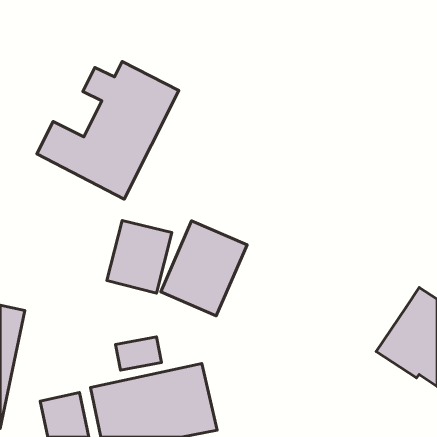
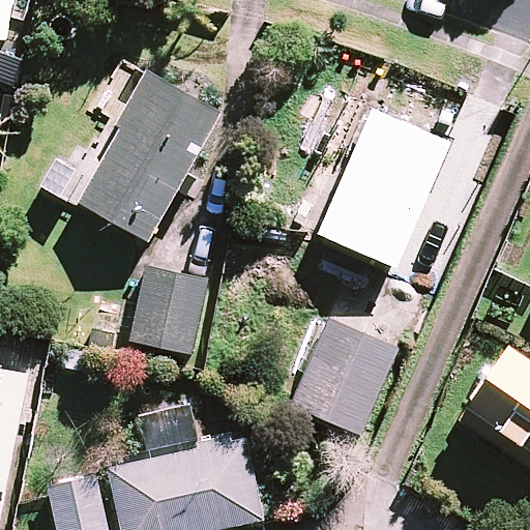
building: none -> [319,102,445,265]
building: [161,221,247,316] -> [292,319,396,434]

